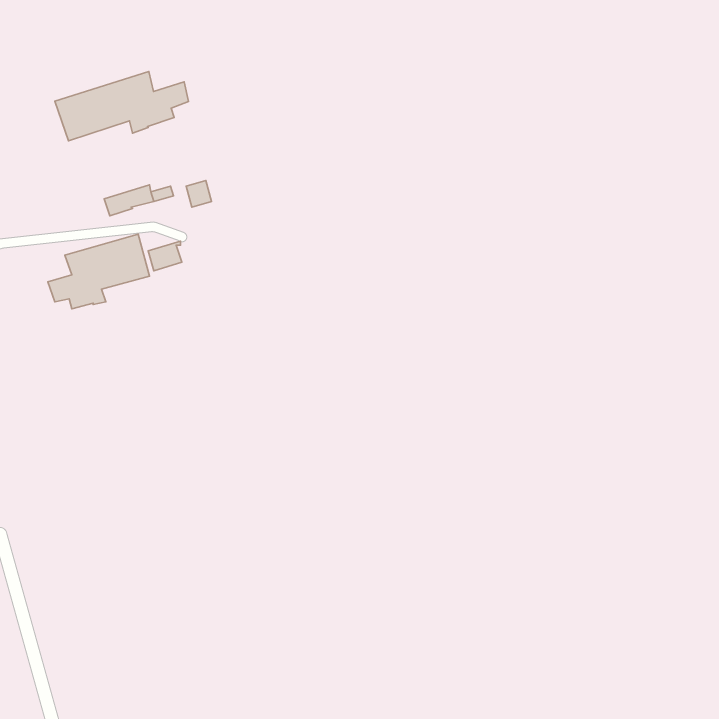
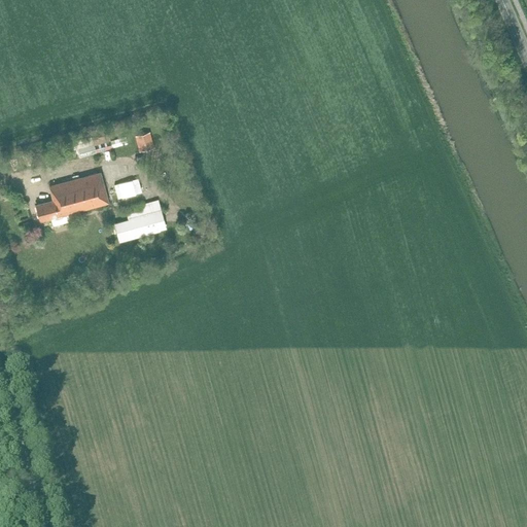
building: [55,72,189,141] -> none
building: none -> [114,206,161,242]

